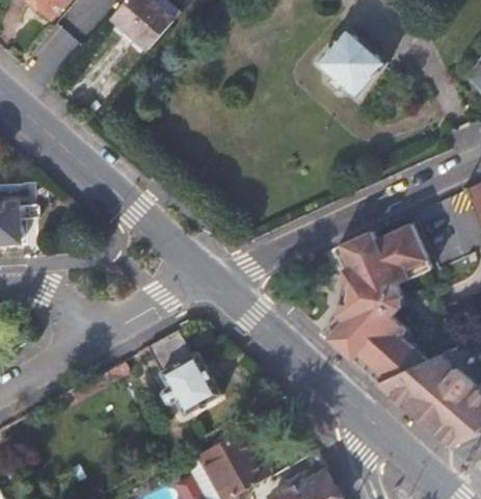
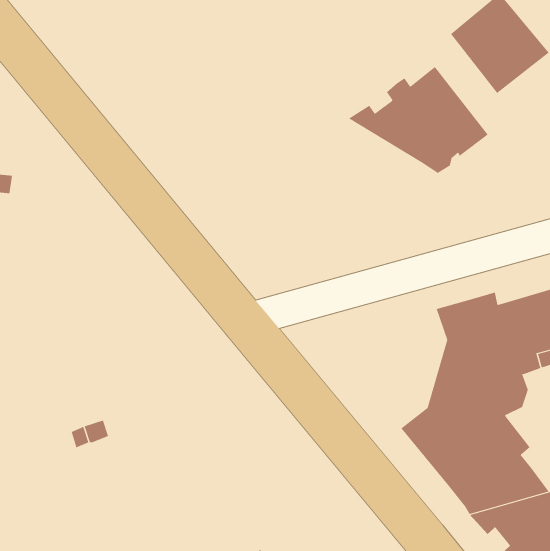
building: none -> [348,66,489,174]
building: [148,329,221,415] -> none

